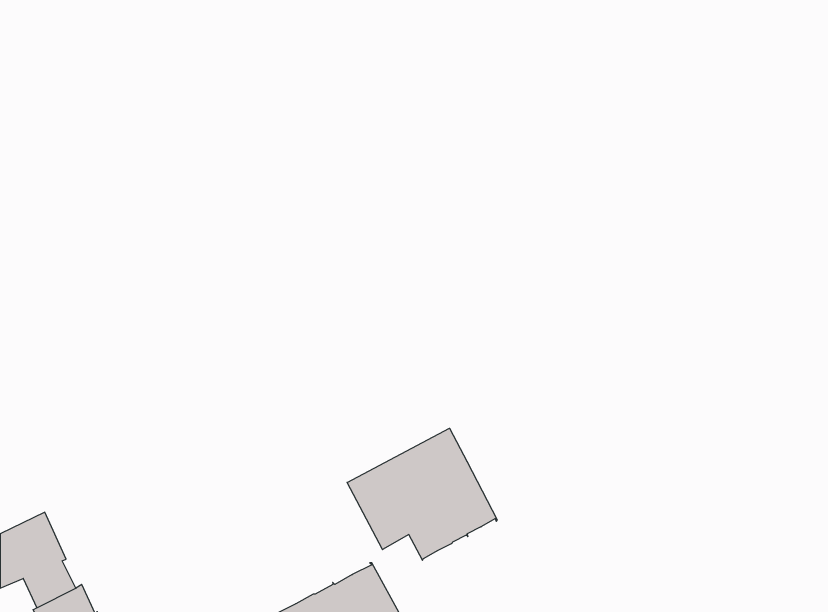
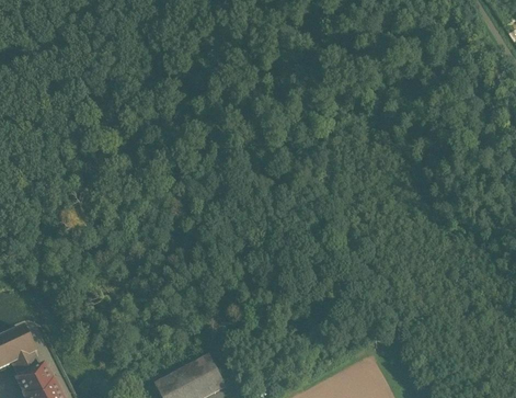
building: [347,428,497,560] -> none

